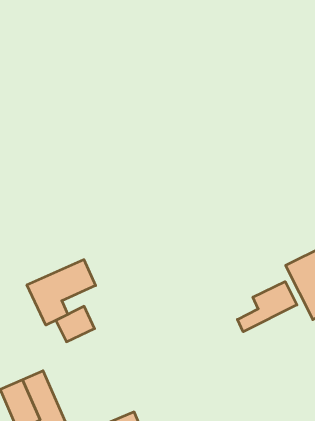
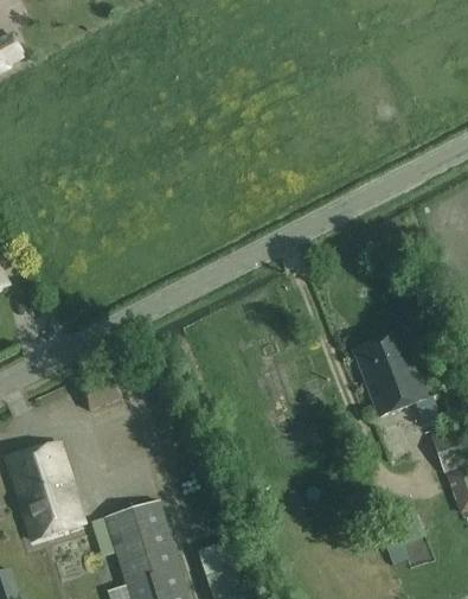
building: [27,260,96,325] -> none
building: [237,282,297,332] -> none

